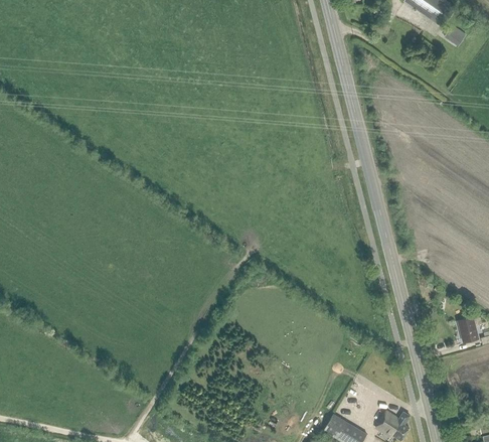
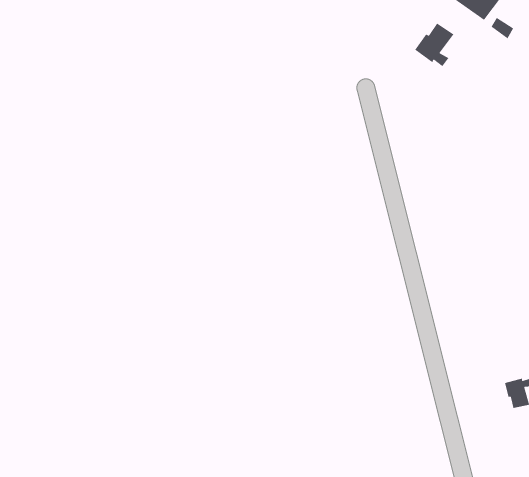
building: none -> [414,23,455,67]

